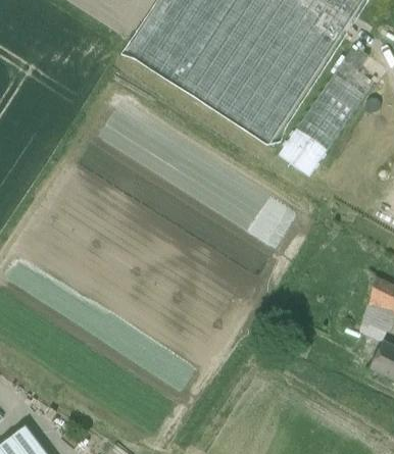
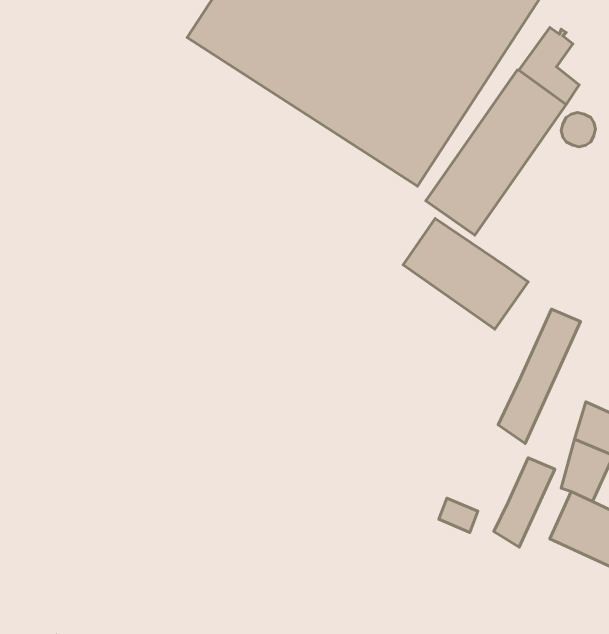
building: none -> [403,219,528,329]
building: none -> [498,309,580,444]
building: none -> [494,458,555,547]

